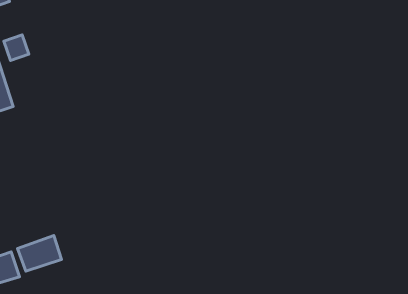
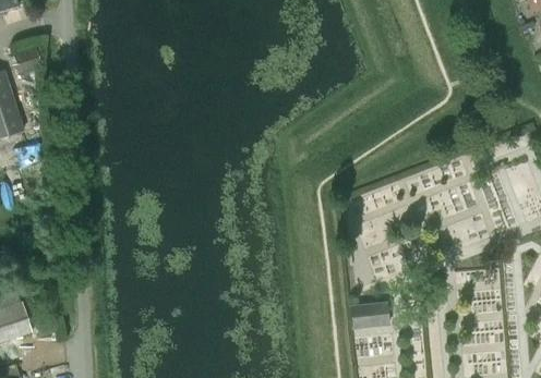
building: [18,236,62,271] -> none
building: none -> [351,303,387,328]

